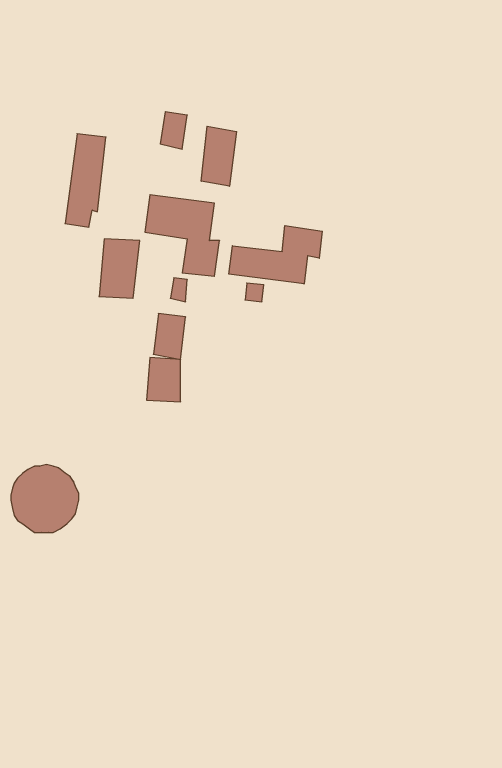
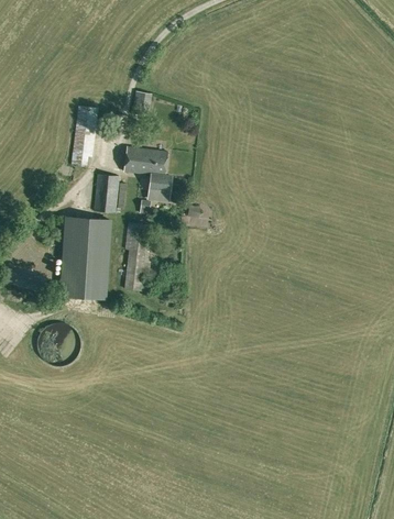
building: [201,126,237,186] -> none
building: [229,226,322,284] -> none
building: none -> [62,218,110,299]

